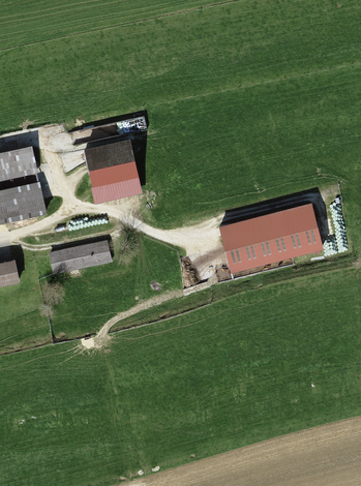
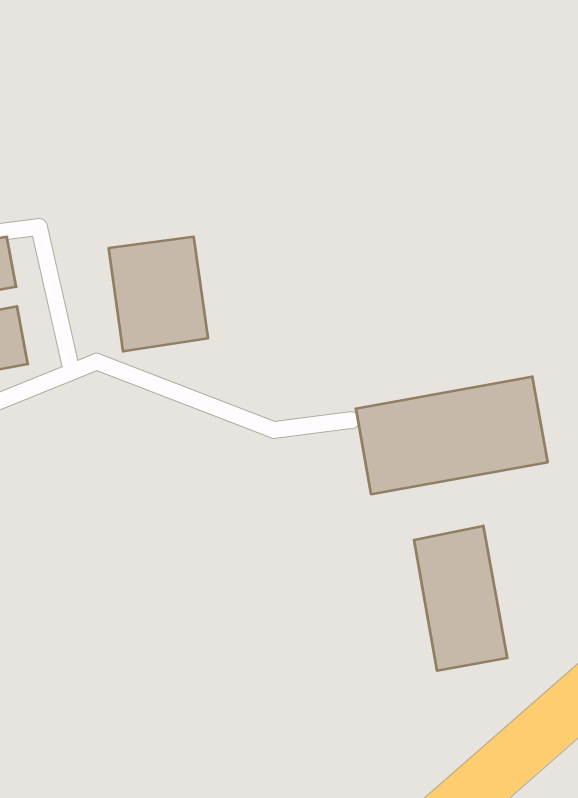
building: [50,241,110,274] -> none
building: none -> [414,526,507,671]

